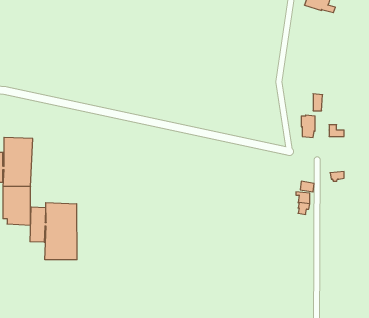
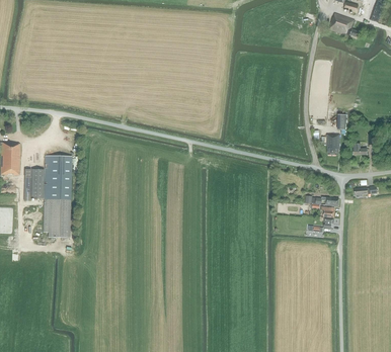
building: [30,203,77,260] -> none

